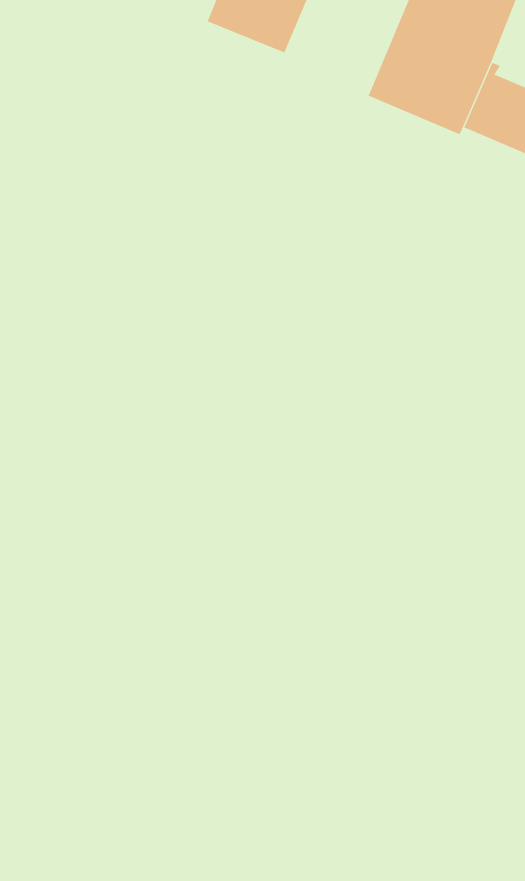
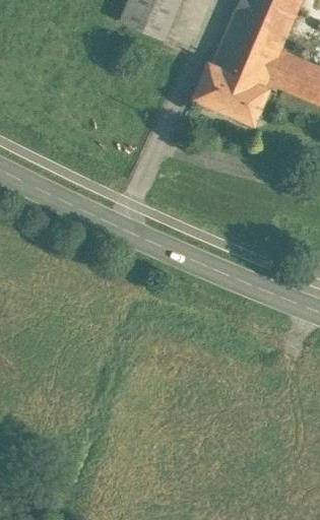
building: none -> [194,61,269,123]

